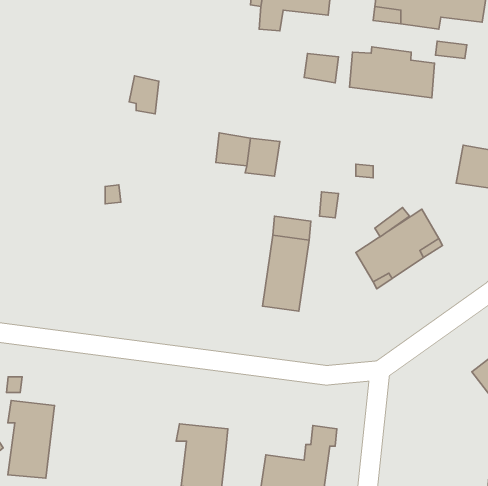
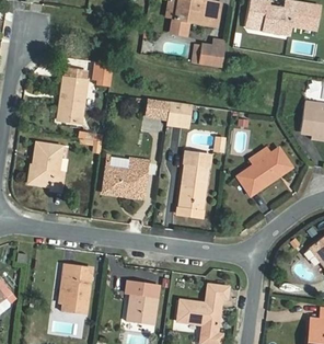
building: [350,47,435,98] -> none
building: none -> [60,69,88,123]
building: none -> [28,144,61,193]
building: none -> [105,159,149,196]
building: [8,400,55,478] -> [61,266,91,316]

